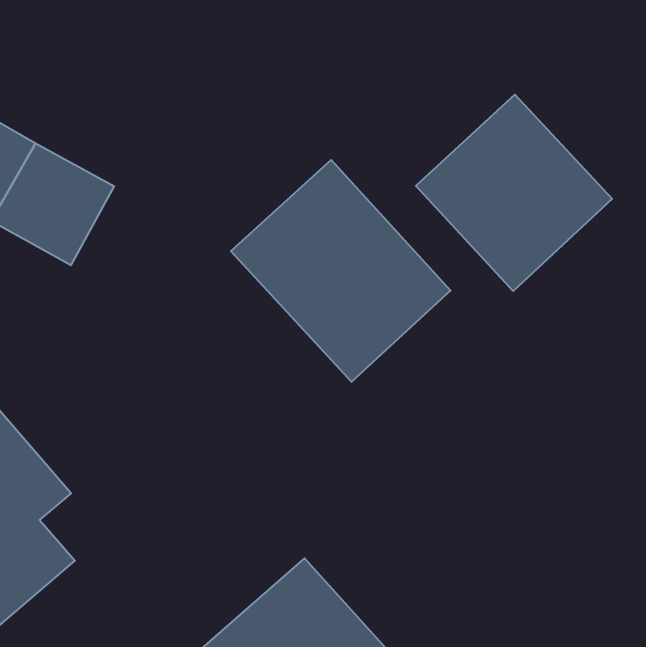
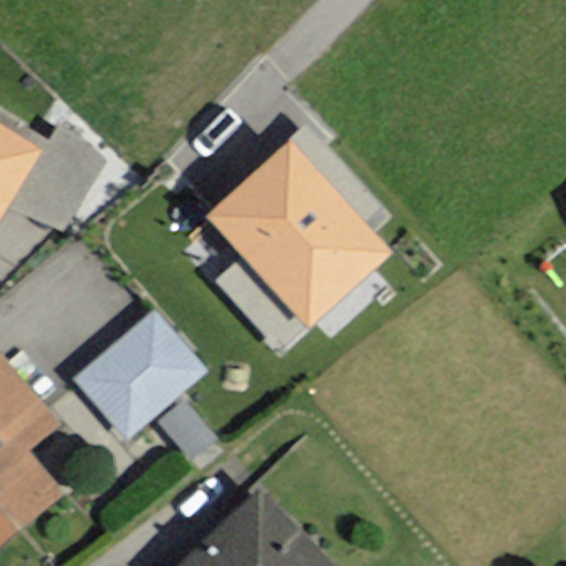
building: [416,95,612,291] -> none
building: none -> [73,308,202,436]

